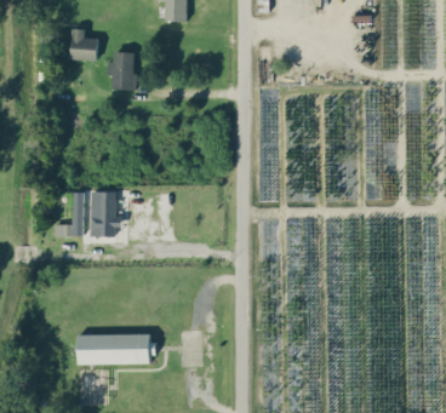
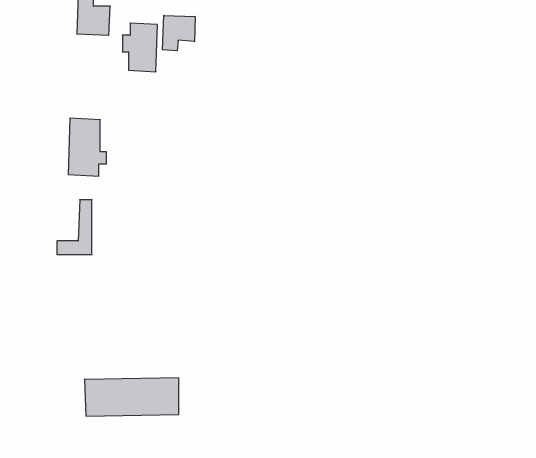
building: none -> [162,15,195,51]
building: [90,191,120,237] -> [68,118,106,176]

